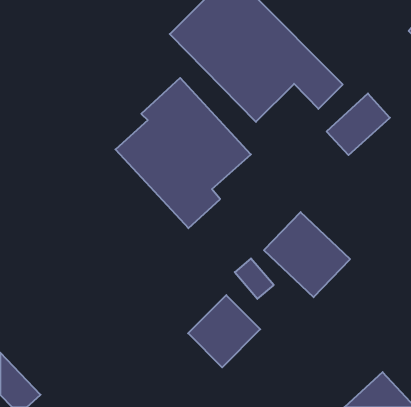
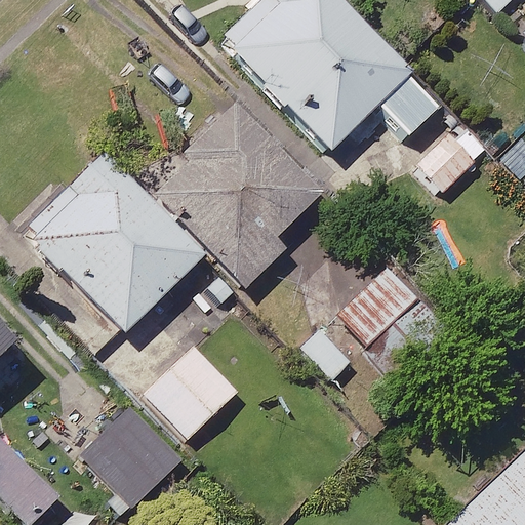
building: none -> [25,157,200,334]
building: [188,295,260,367] -> [146,346,237,437]
building: none -> [87,404,186,502]

